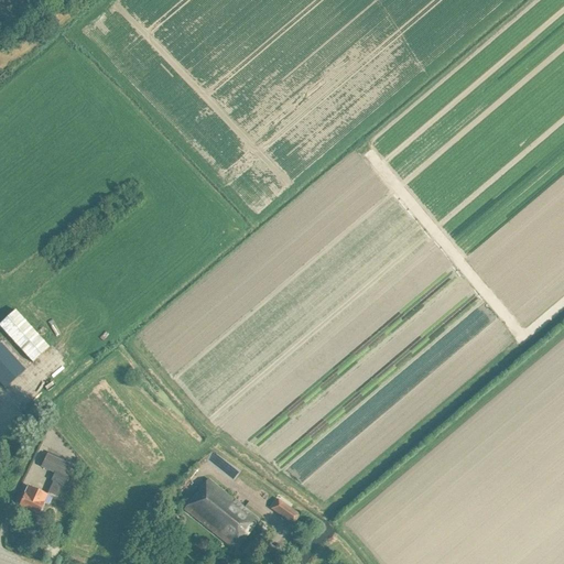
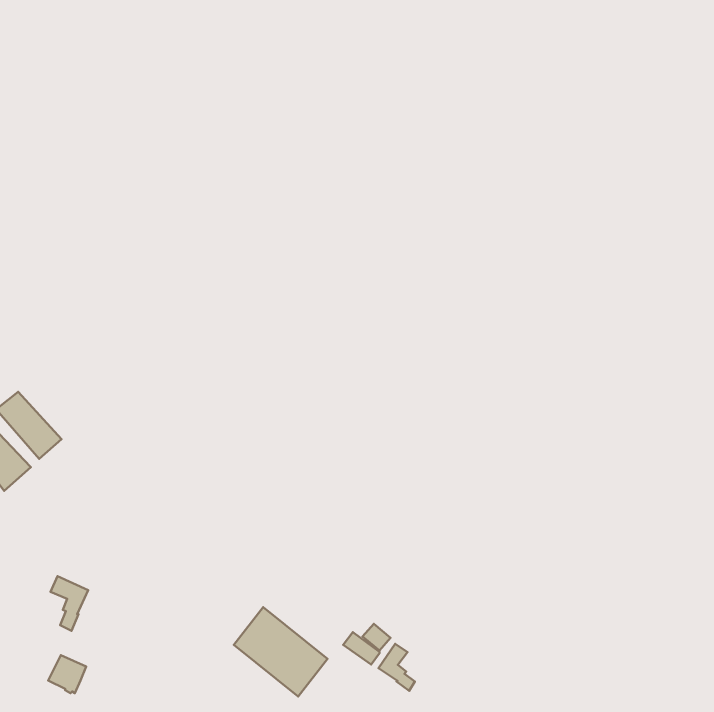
building: [17,485,46,514] -> [48,655,86,693]
building: none -> [379,644,415,691]

